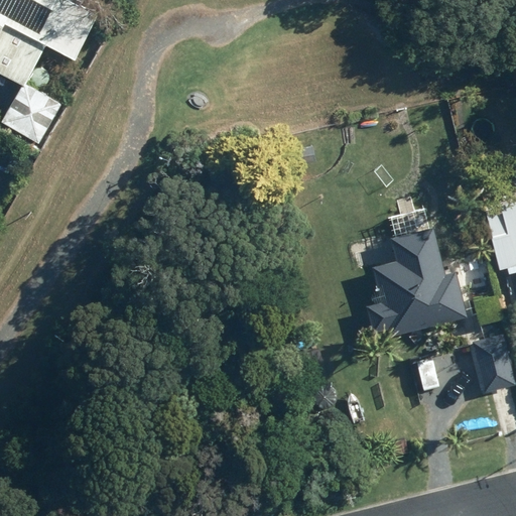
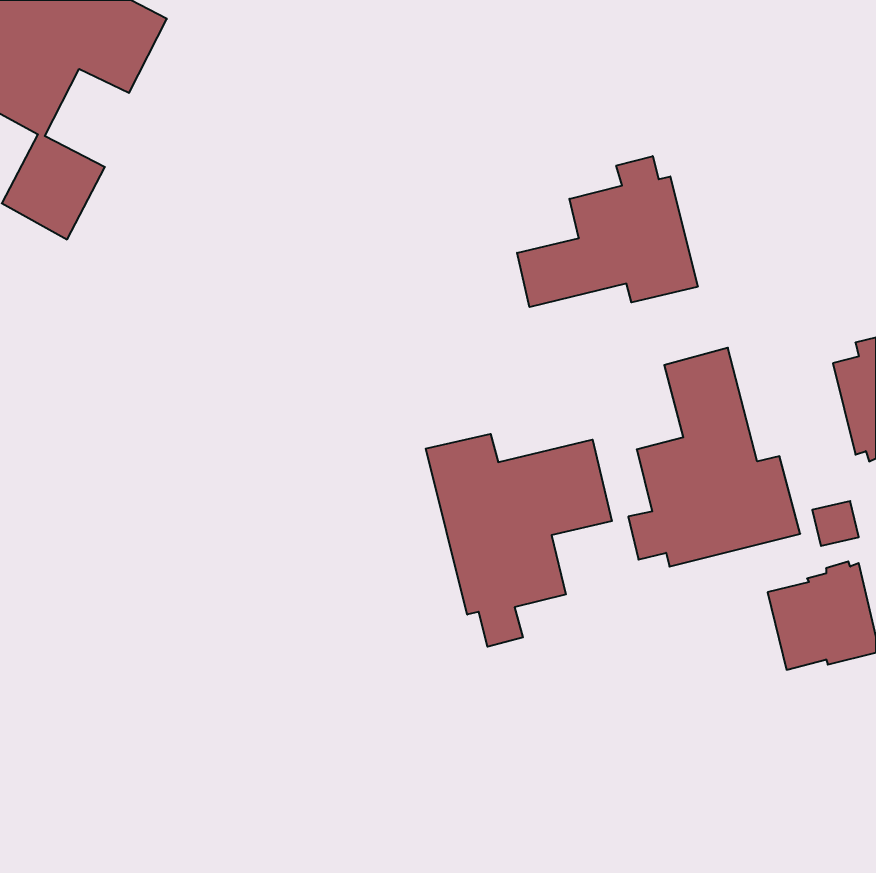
building: none -> [517,156,698,307]
building: none -> [426,434,612,647]

